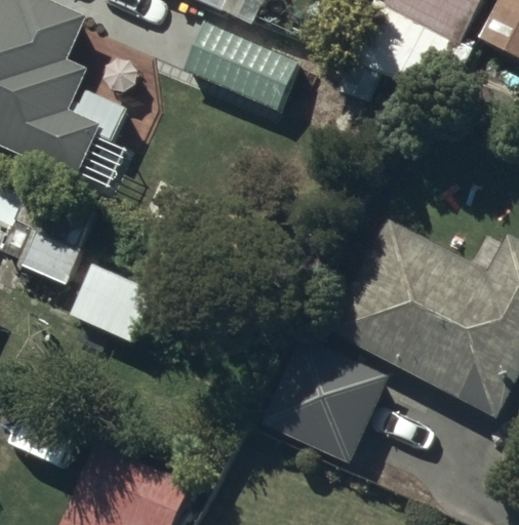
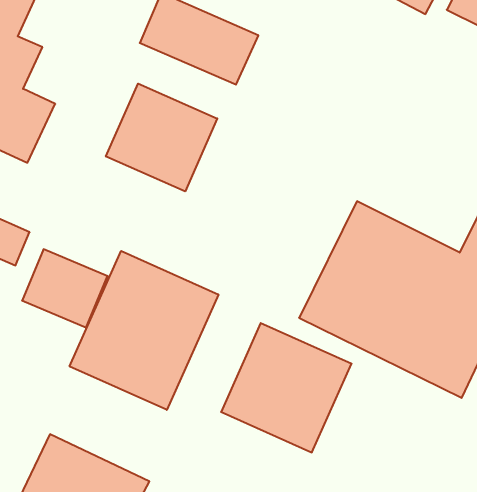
building: none -> [106,84,217,191]
building: none -> [70,251,218,410]

